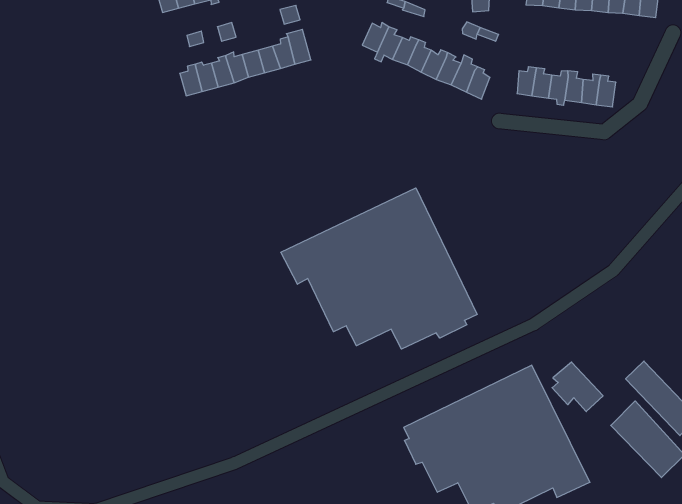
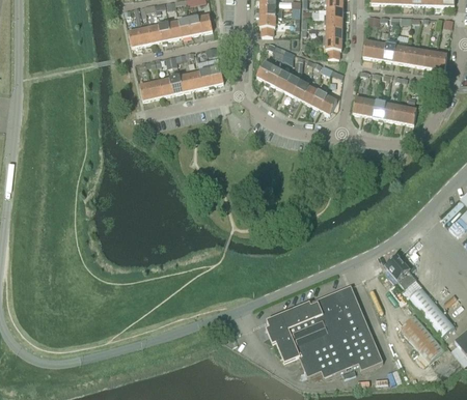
building: [281,188,477,349] -> none
building: [552,362,603,412] -> [383,256,415,288]

